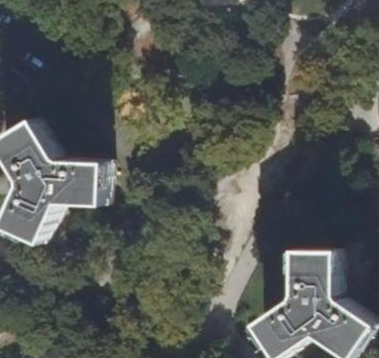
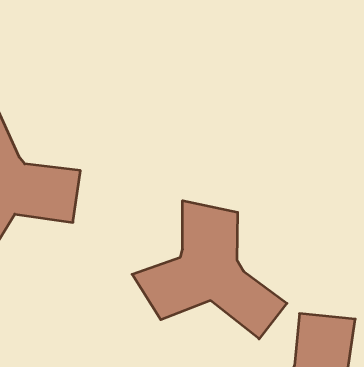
building: none -> [132,201,287,339]

